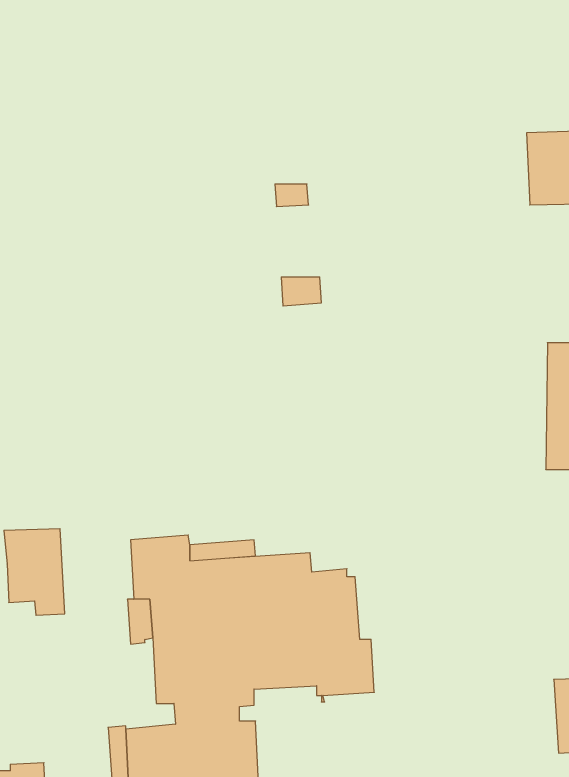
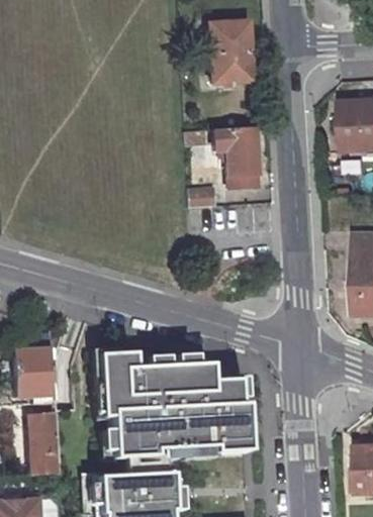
building: none -> [210,22,252,85]
building: none -> [214,128,257,191]
building: none -> [26,413,55,469]

